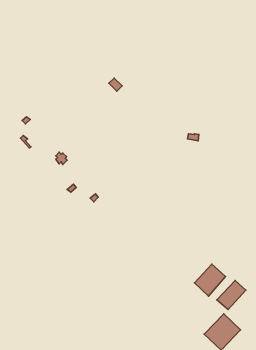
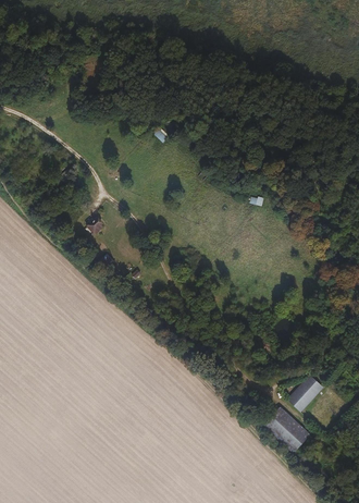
building: [195,264,225,296] -> none

